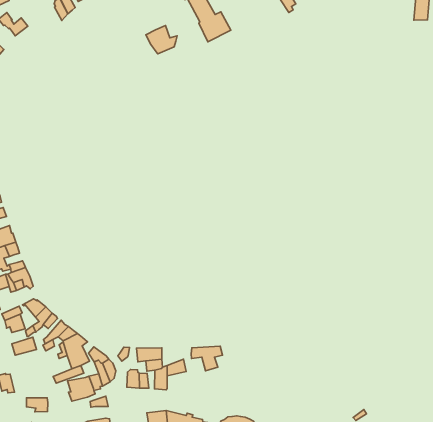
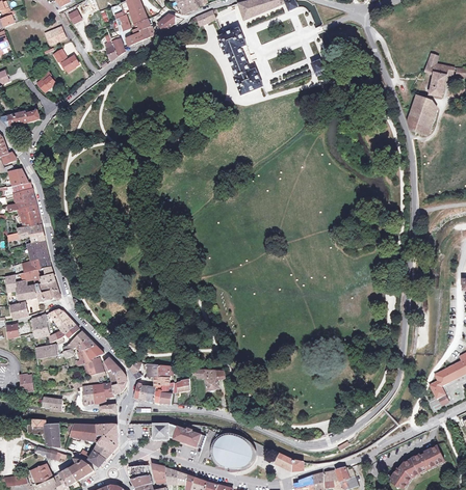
building: none -> [407,96,435,134]
building: [146,25,177,54] -> none

